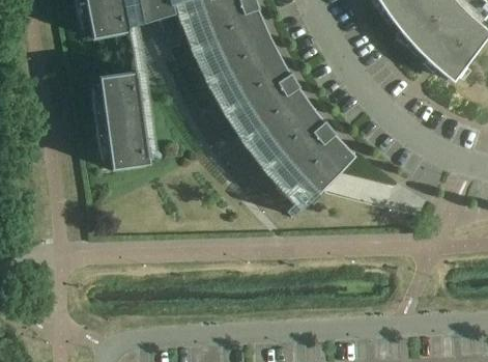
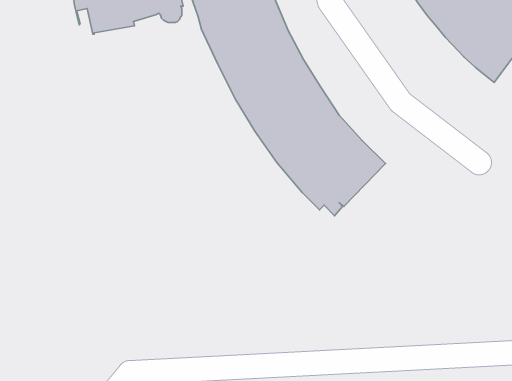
building: [90,72,149,172] -> none

